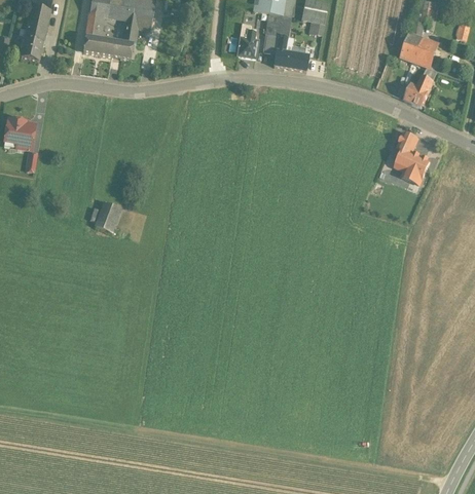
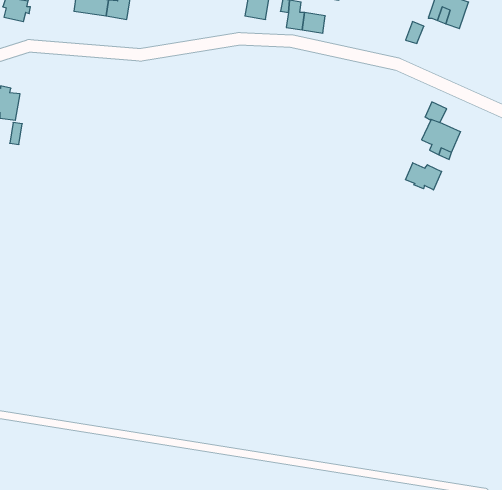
building: [404,75,433,105] -> none
building: none -> [406,163,442,190]
building: [95,200,121,231] -> none

